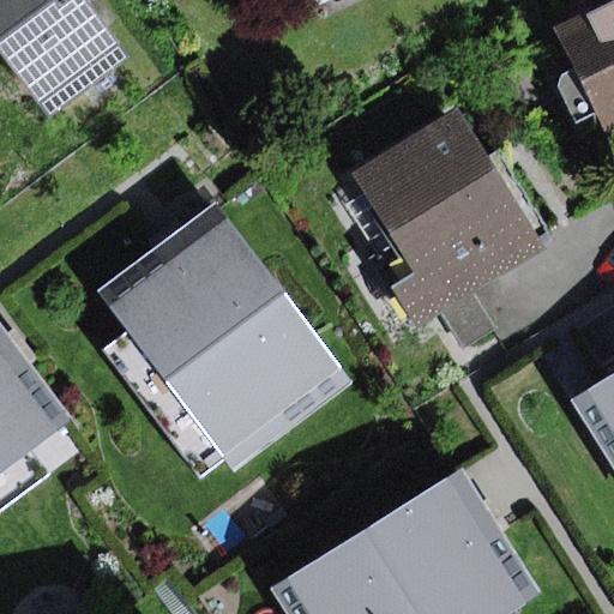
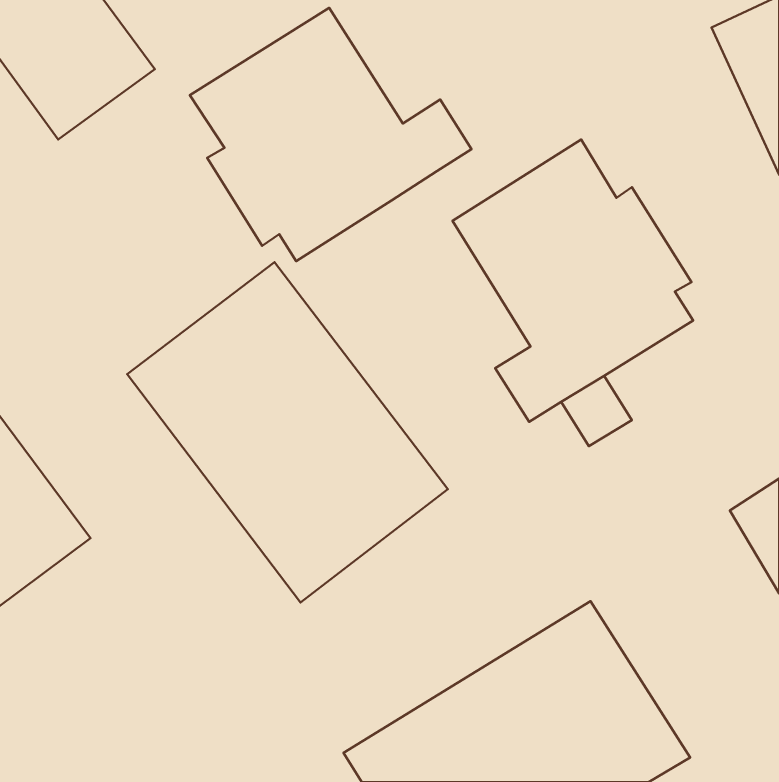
building: none -> [190,8,471,261]

